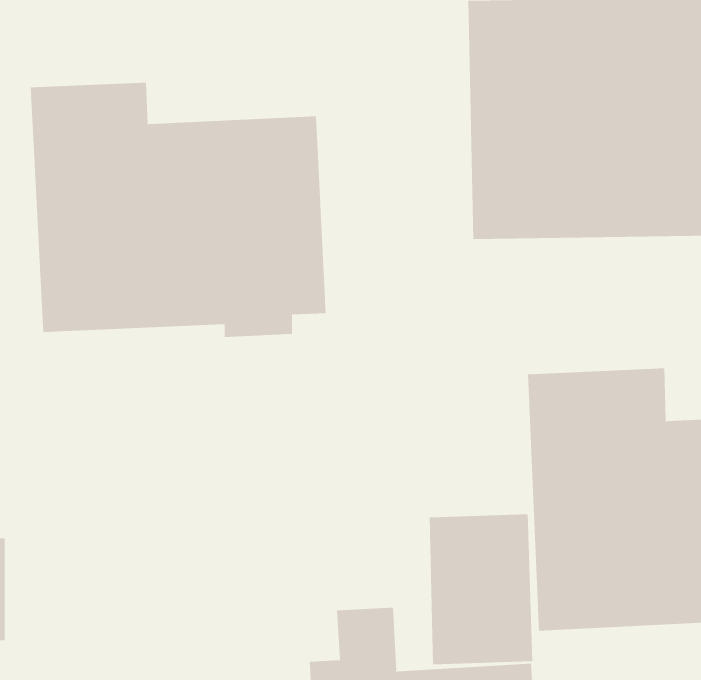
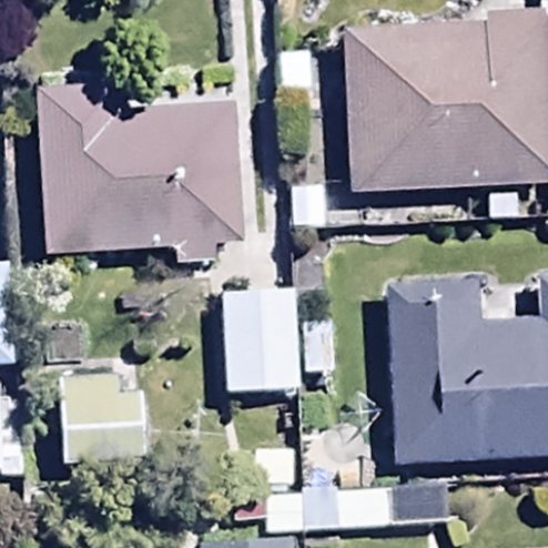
building: none -> [61,366,144,461]
building: [429,514,533,665] -> [224,285,296,389]

